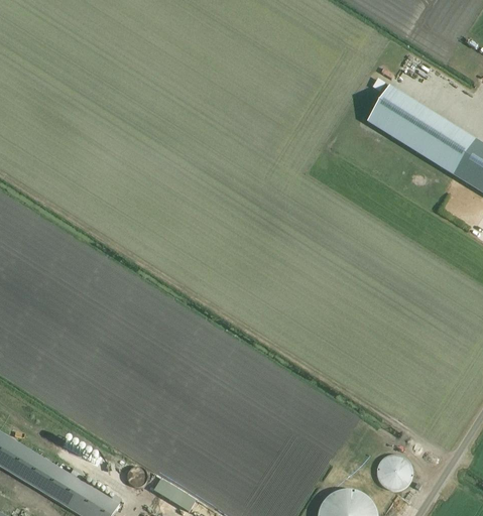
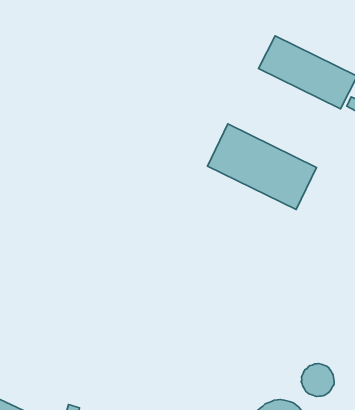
building: none -> [207,124,317,210]

